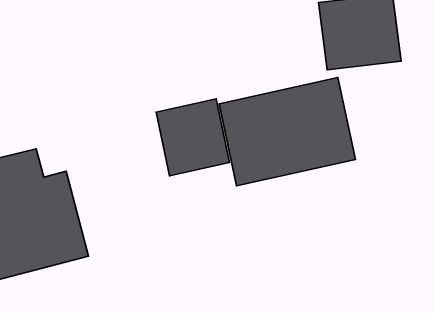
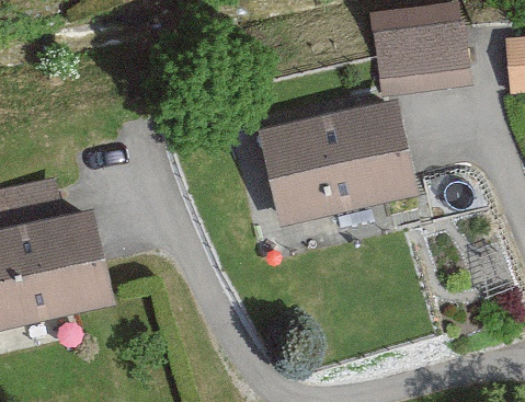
building: [156,99,229,176] -> none

